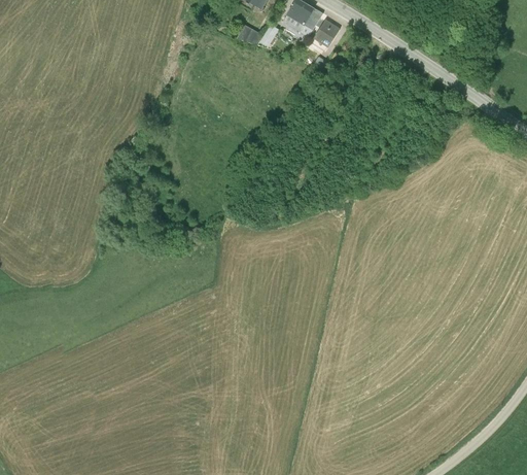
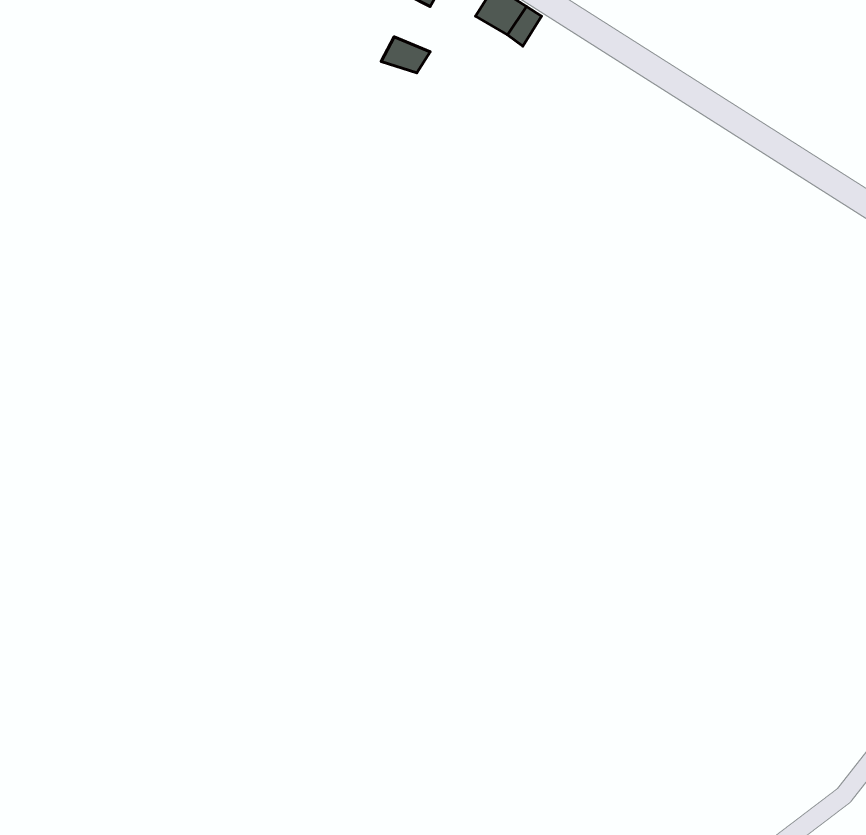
building: [313,20,340,47] -> none

